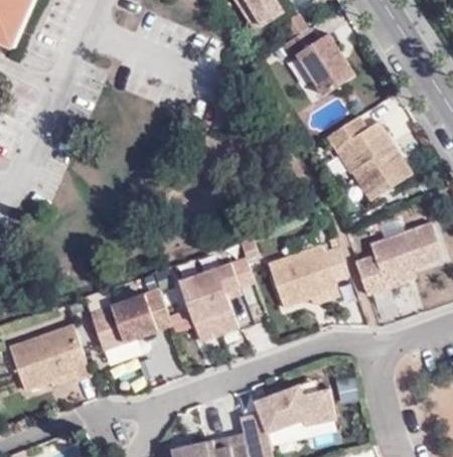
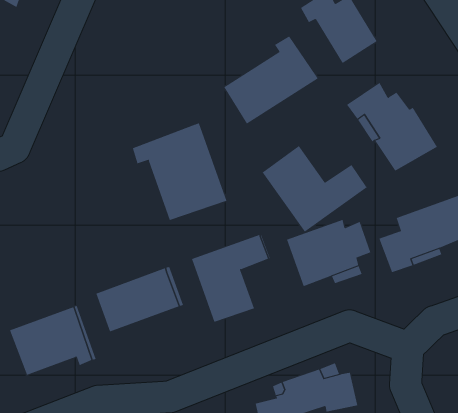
building: none -> [224,36,319,125]
building: none -> [132,122,227,221]
building: none -> [262,145,368,232]

